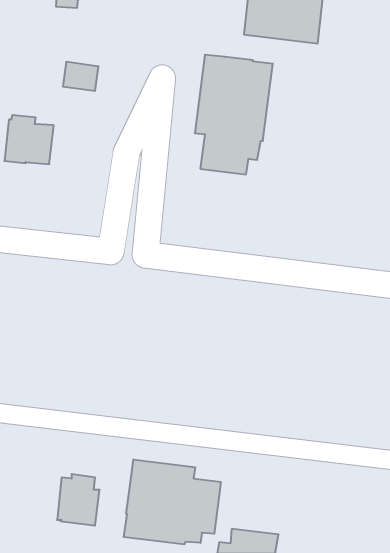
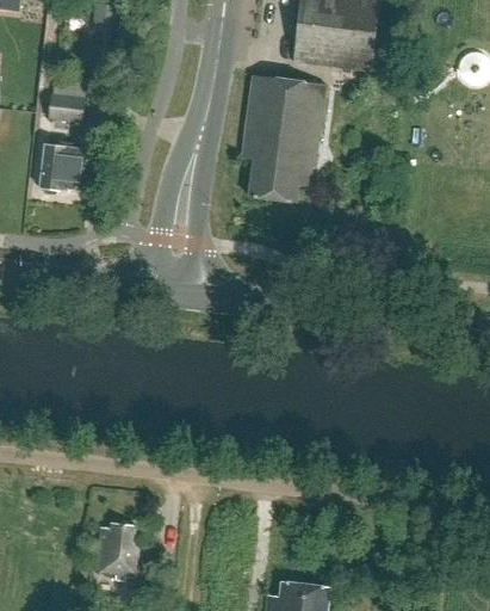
building: [63,62,99,91] -> [48,92,86,123]
building: [124,459,221,544] -> none

